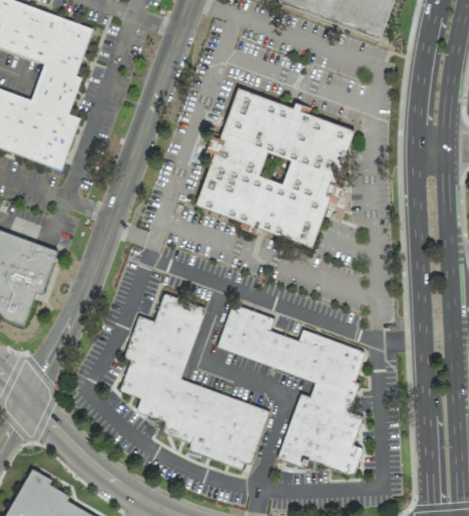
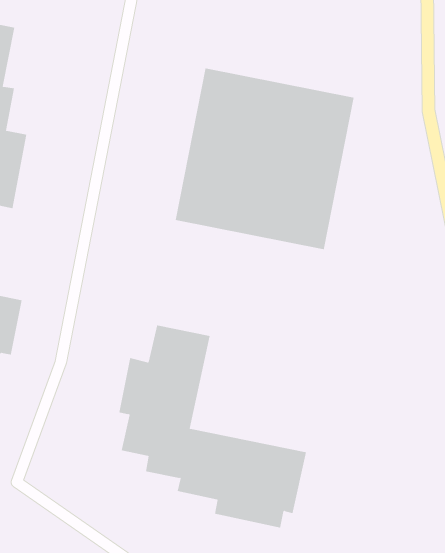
building: [217,301,369,477] -> none

